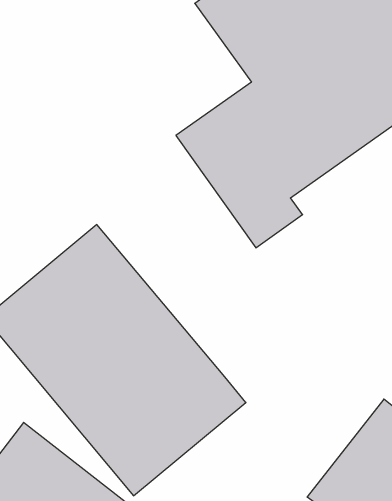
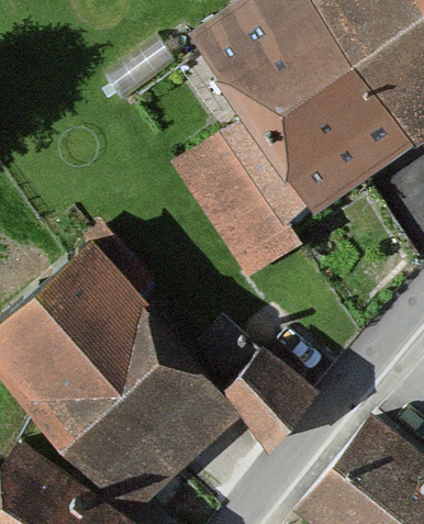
building: none -> [223,350,320,450]

